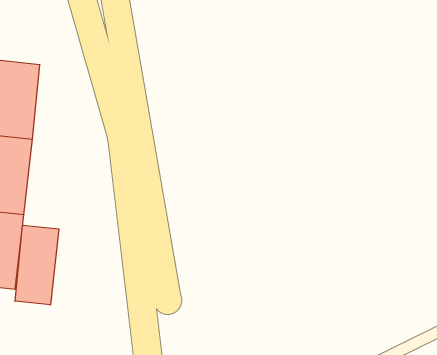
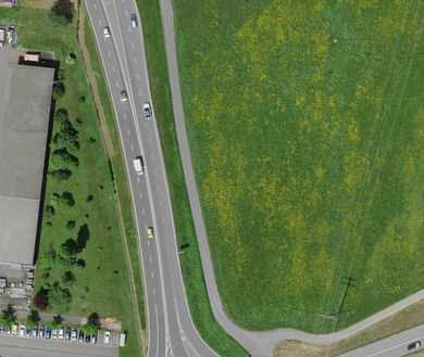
building: [15,225,59,305] -> none

